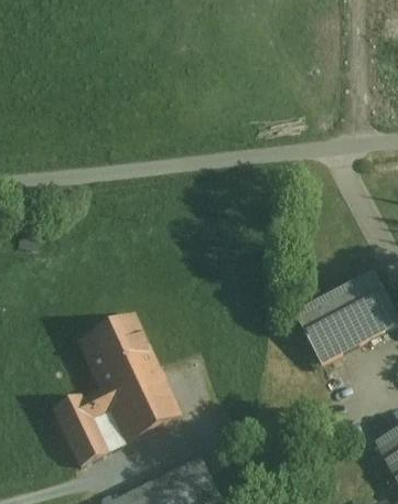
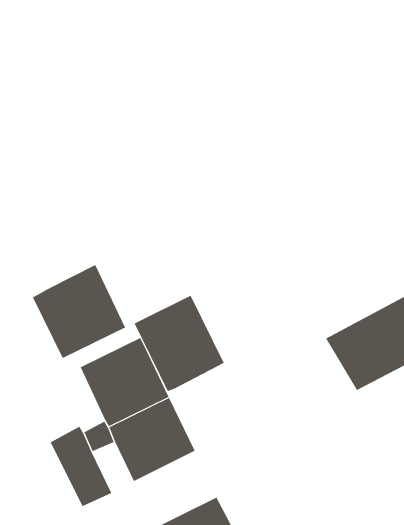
building: none -> [32,264,126,359]
building: none -> [134,295,224,392]

